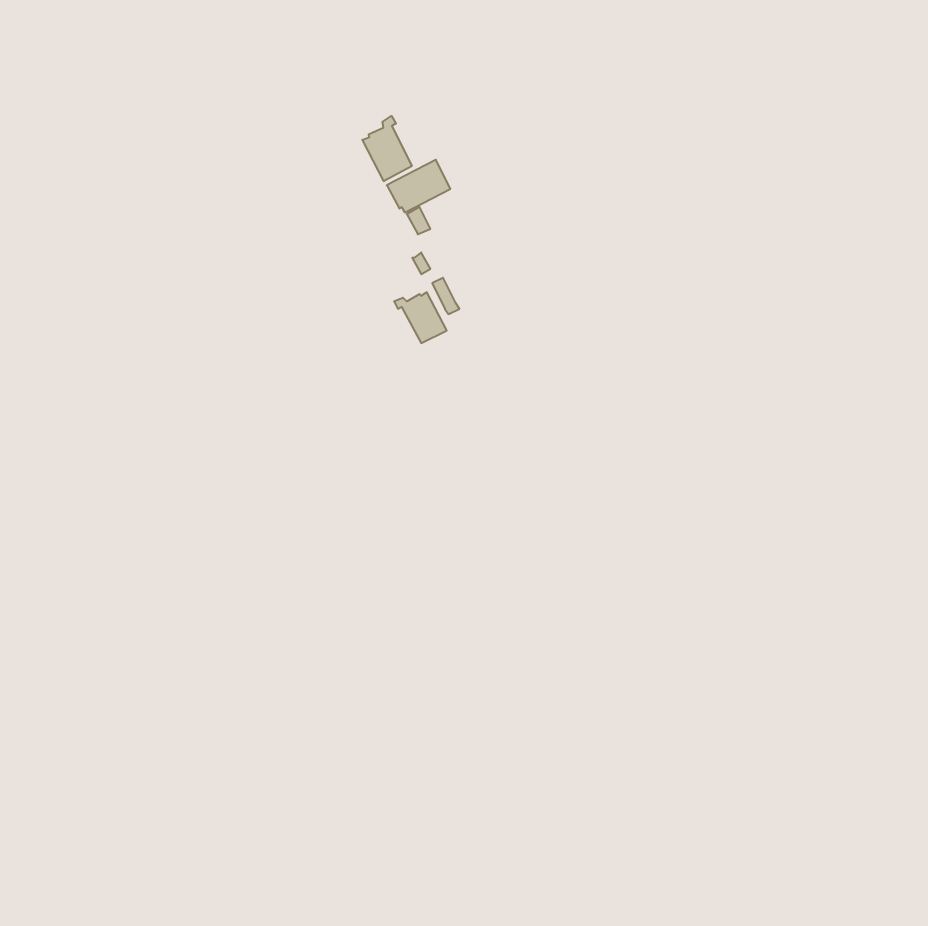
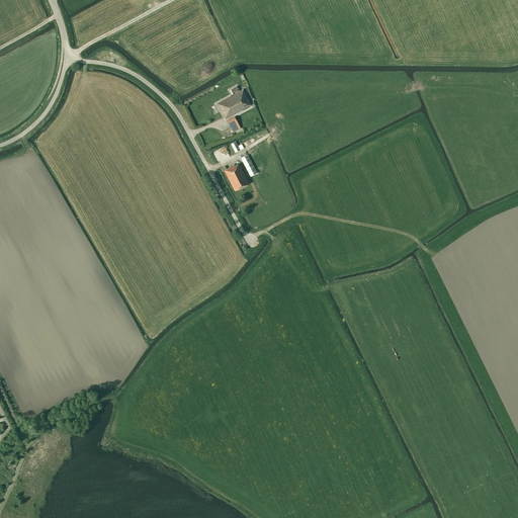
building: [362,116,412,181] -> none

